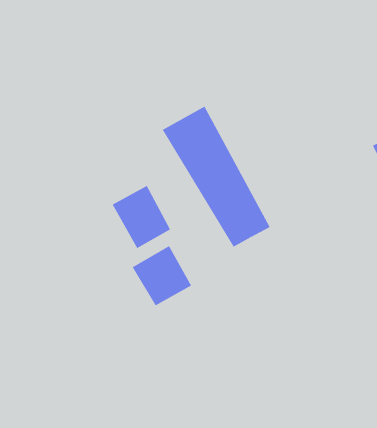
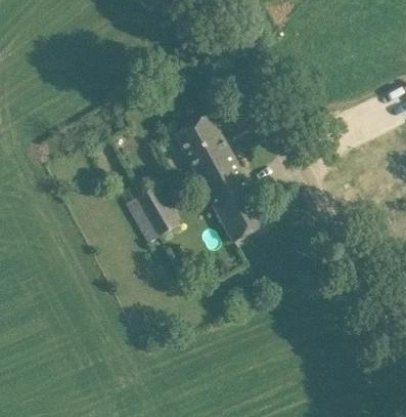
building: [132,245,192,306] -> none

